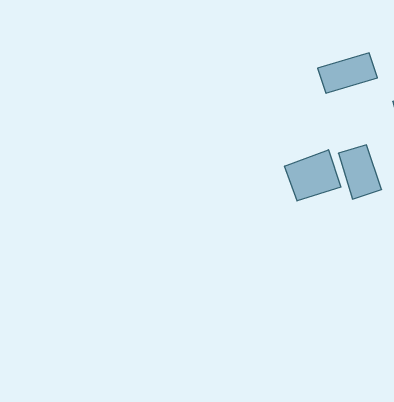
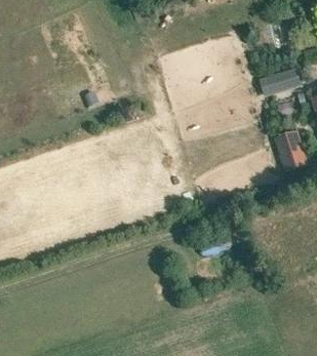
building: [285,150,341,201] -> none

